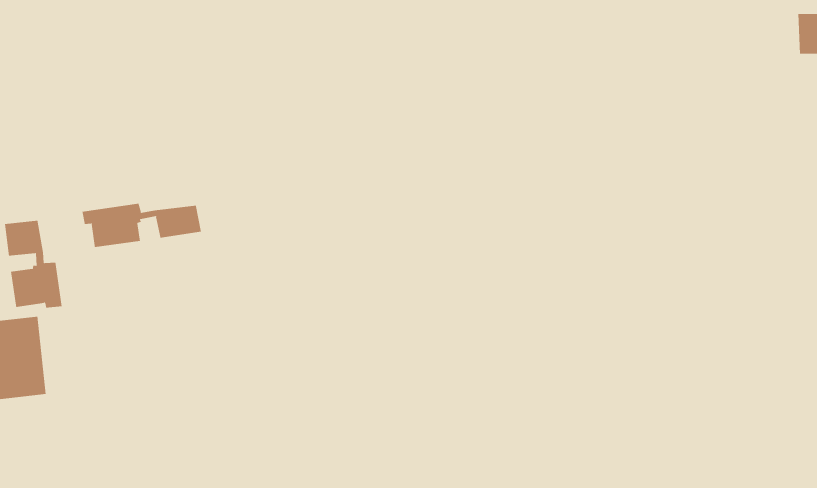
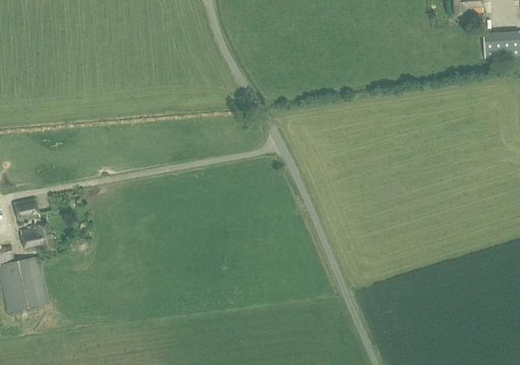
building: [82,203,201,248] -> none

